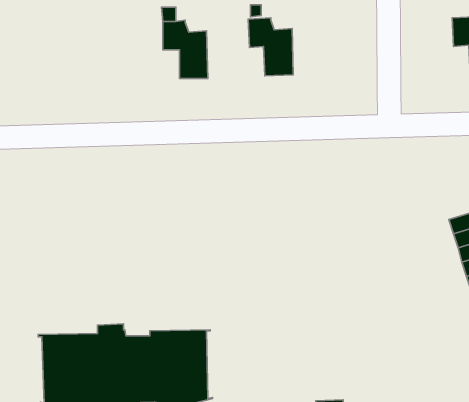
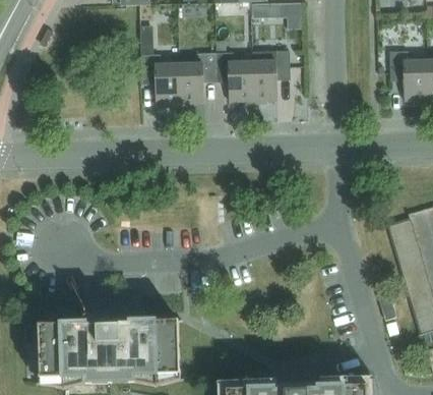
building: none -> [252,50,290,100]
building: none -> [179,52,215,103]

